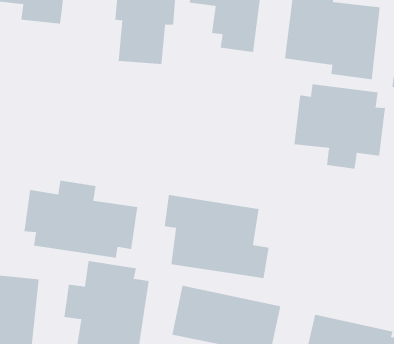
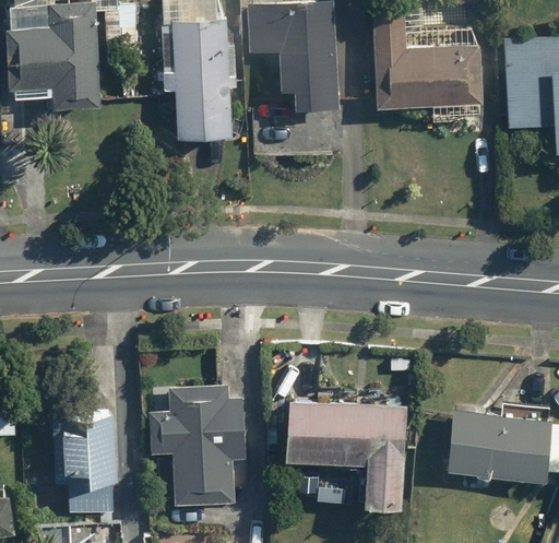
building: [294,84,385,170] -> none
building: [24,180,138,258] -> none
building: [164,194,269,279] -> none

